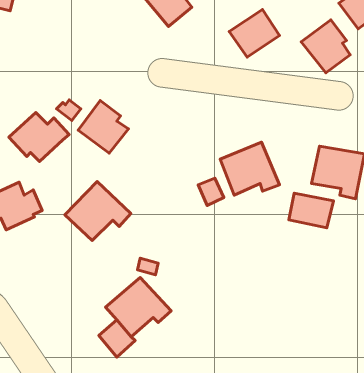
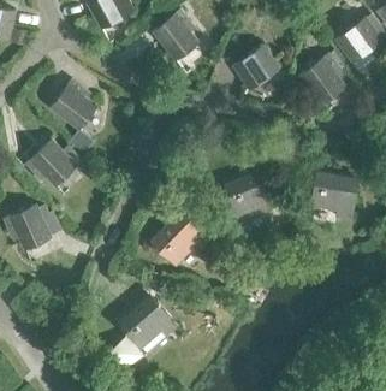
building: [78,100,128,153] -> [51,81,97,130]
building: [65,181,131,241] -> [149,209,210,265]
building: [289,193,333,228] -> none

